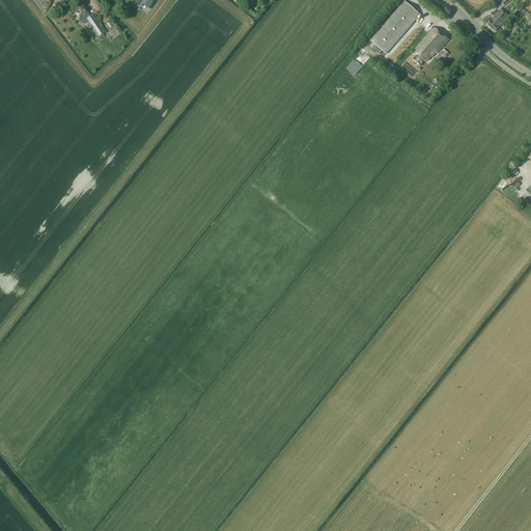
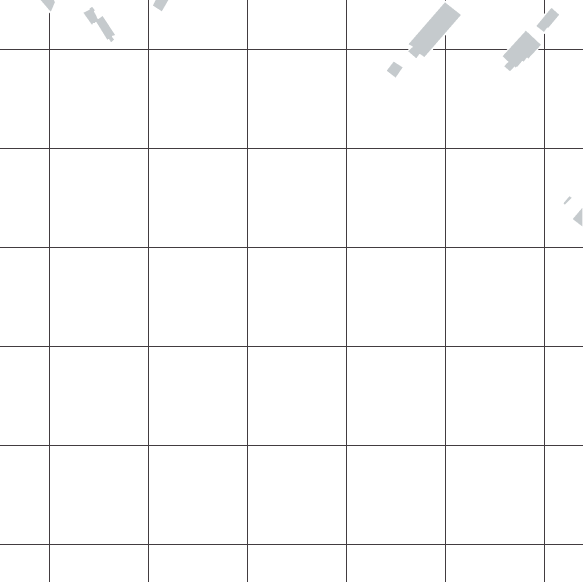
building: [413,26,449,64] -> [502,30,542,72]

